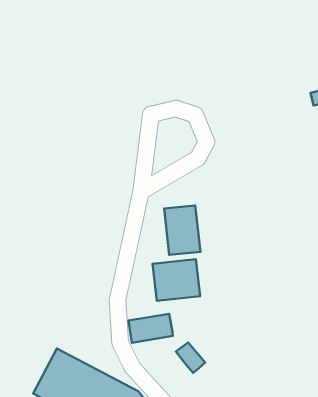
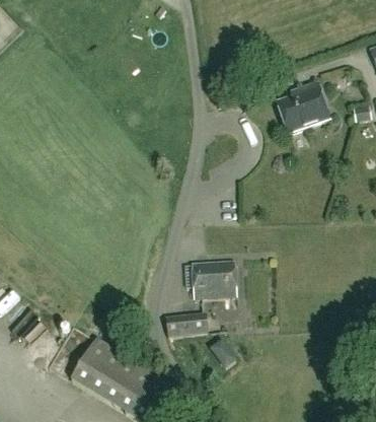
building: none -> [275,81,327,133]
building: [164,205,200,255] -> none

